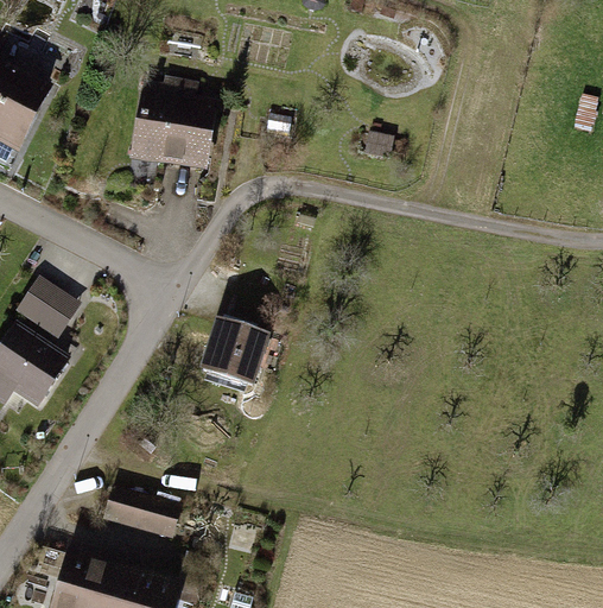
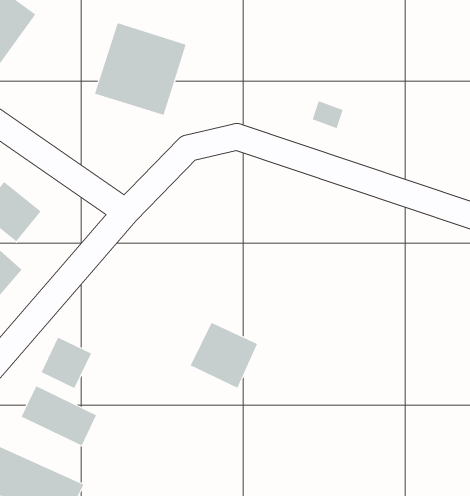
building: [195,322,264,388] -> [190,322,258,389]
building: none -> [41,337,92,389]

